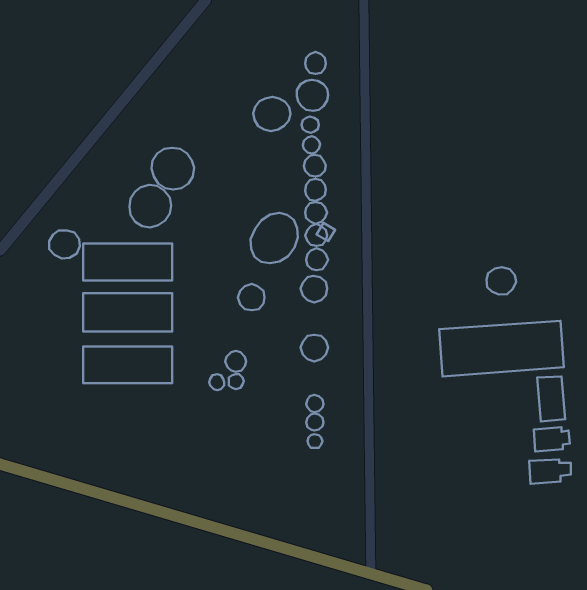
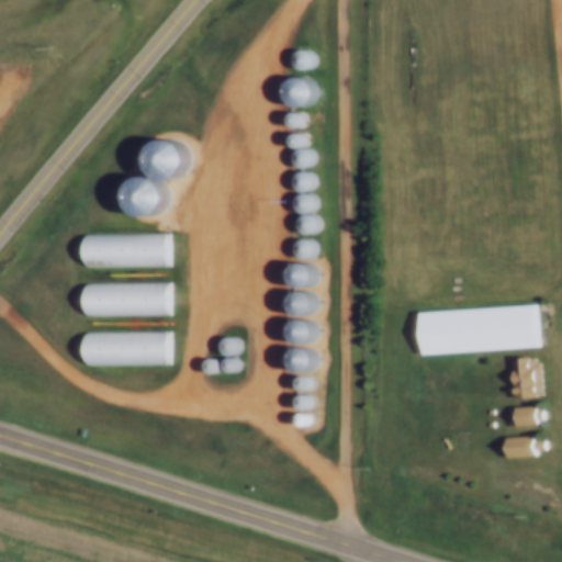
building: [253,97,291,131] -> none
building: [250,213,298,263] -> none
building: [49,230,80,259] -> none
building: [487,267,516,295] -> none
building: [238,284,265,310] -> [289,290,314,315]
building: none -> [290,346,315,371]

